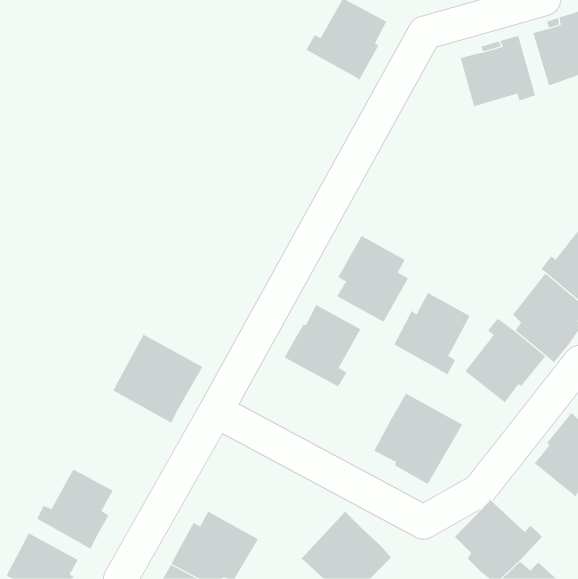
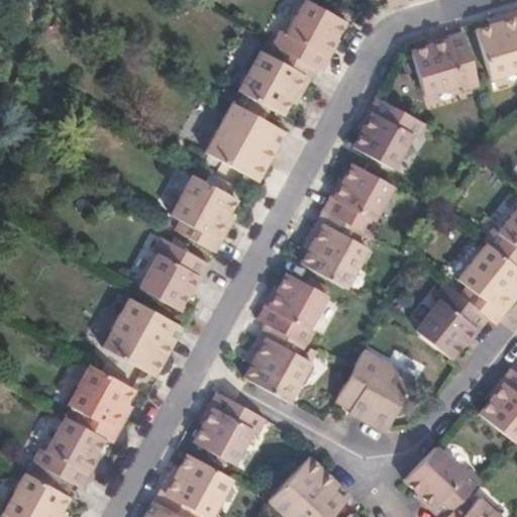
building: none -> [238,44,316,113]
building: none -> [352,96,425,169]
building: none -> [206,102,285,180]
building: none -> [172,176,238,252]
building: none -> [138,236,210,310]
building: [393,292,471,375] -> [323,163,392,236]
building: none -> [244,324,310,402]
building: none -> [69,365,135,442]
building: none -> [199,392,270,466]

